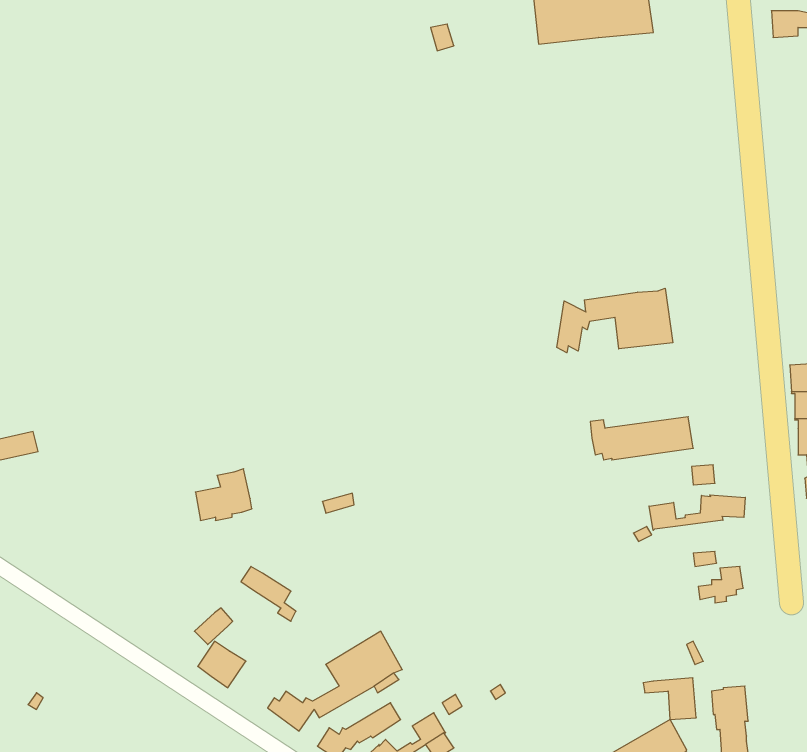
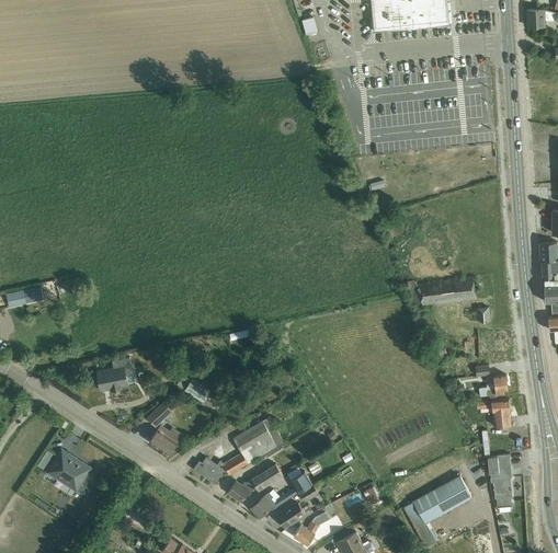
building: [557,288,673,353] -> none
building: [195,469,252,520] -> [98,356,135,390]
building: [649,495,745,530] -> none
building: [643,678,696,719] -> [477,399,512,426]
building: none -> [47,449,91,489]

